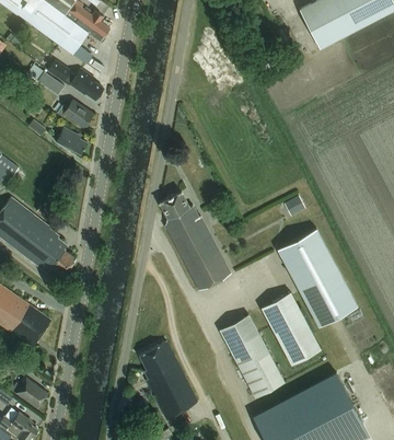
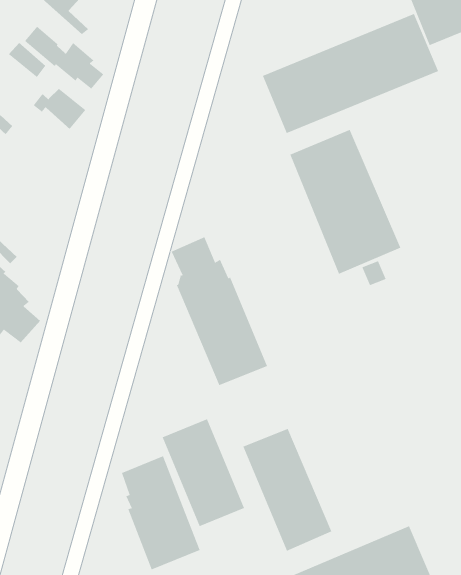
building: none -> [262,13,439,134]
building: [56,128,88,155] -> none
building: [277,229,358,327] -> [289,129,401,275]
building: [260,292,321,366] -> [162,418,245,527]

